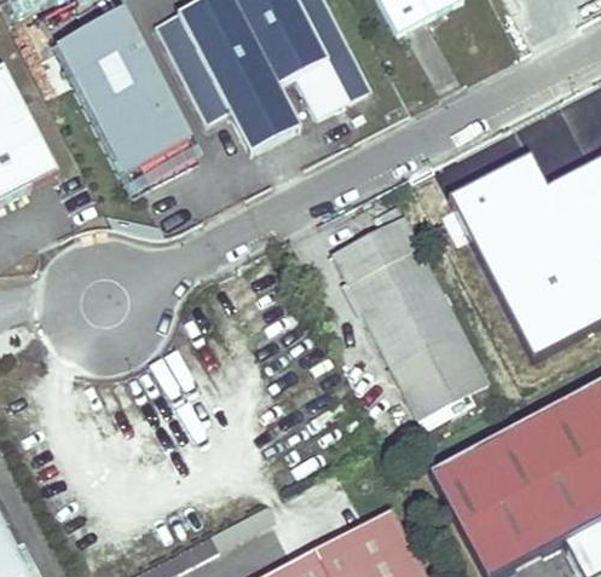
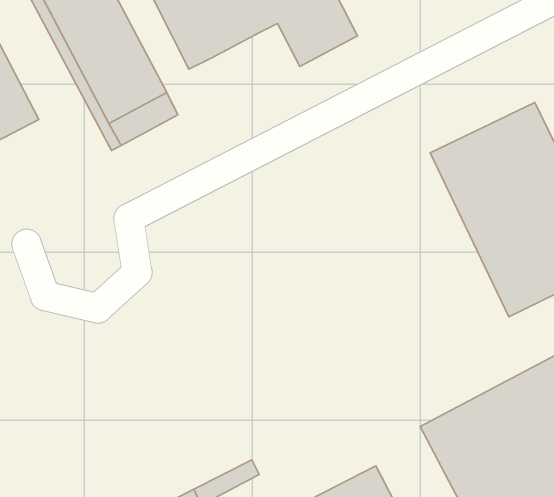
building: [229,82,299,149] -> none
building: [335,202,489,415] -> none

